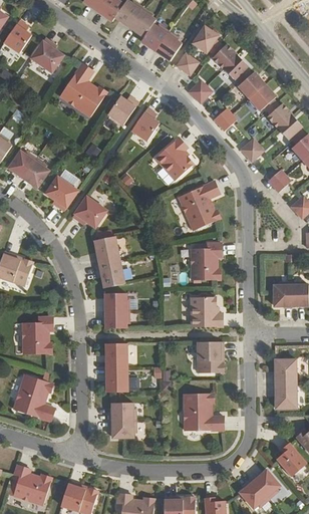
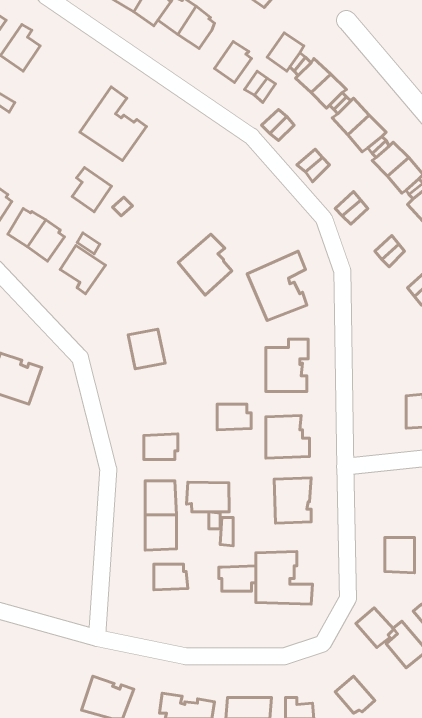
building: [140,23,168,50] -> none
building: [30,37,63,71] -> none
building: [107,95,138,123] -> none
building: [130,107,158,141] -> none
building: none -> [72,168,111,212]
building: [154,137,193,180] -> [178,234,232,295]
building: [71,195,106,226] -> none
building: [98,259,124,287] -> none
building: [273,282,290,307] -> none
building: [104,292,128,310] -> [217,404,251,430]
building: [22,316,52,353] -> none
building: none -> [187,482,229,512]
building: [274,359,296,382] -> none
building: [12,373,54,422] -> none
building: [109,419,135,437] -> [219,566,256,591]
building: [7,465,51,505] -> none
building: [253,470,280,498] -> [356,608,394,647]

